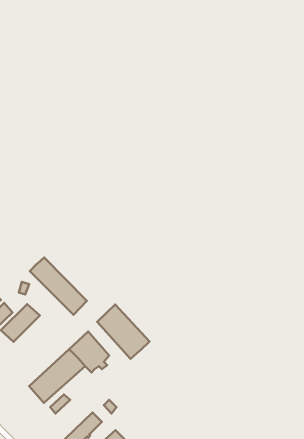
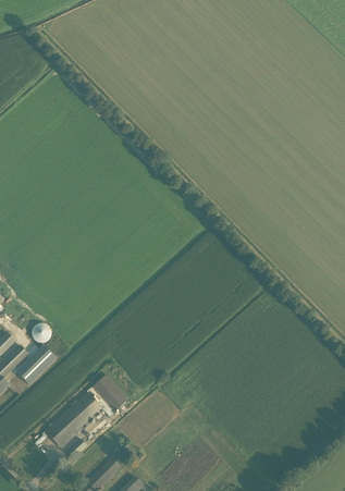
building: [30,257,87,315] -> none
building: [97,305,149,359] -> none

